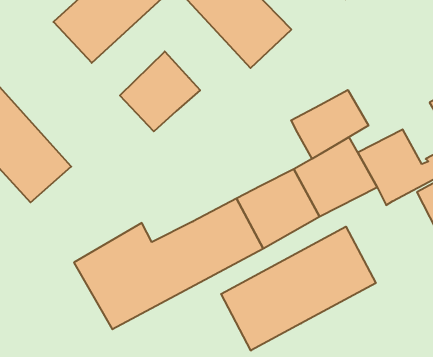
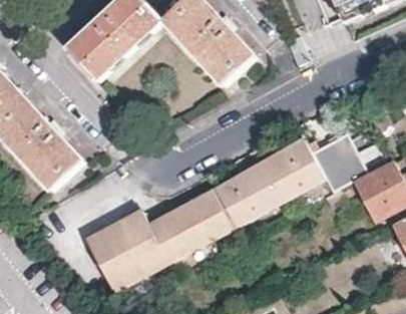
building: [120,51,200,131] -> none
building: [291,90,368,159] -> none
building: [221,227,376,351] -> none

